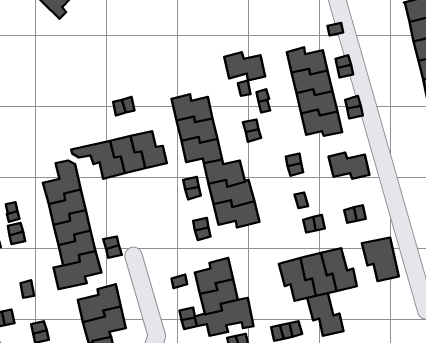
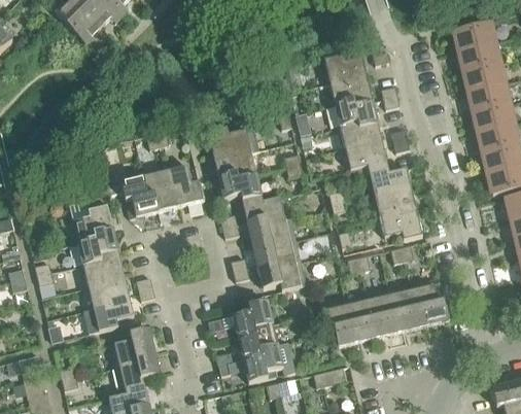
building: [224,52,265,80] -> [324,56,368,85]
building: none -> [369,168,412,196]
building: none -> [379,211,422,241]
building: none -> [257,262,306,291]
building: [307,293,343,336] -> [387,285,425,331]

